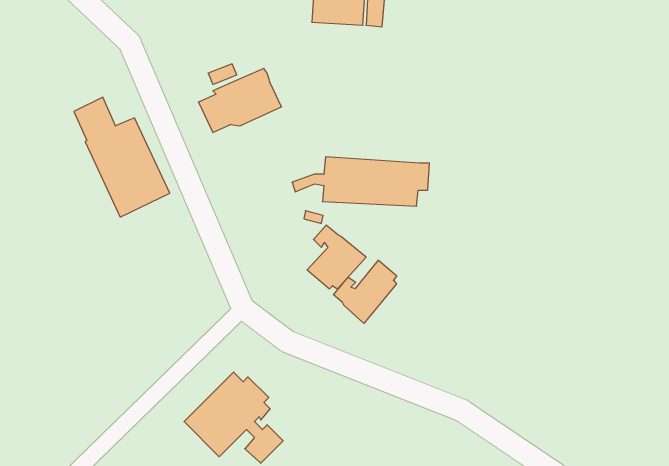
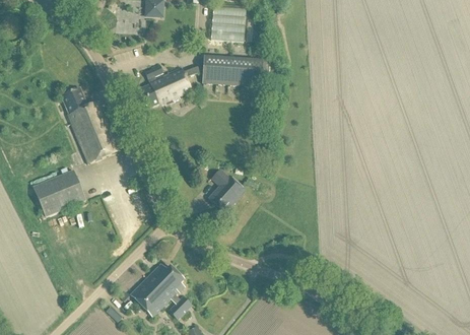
building: [292,157,429,206] -> [182,55,269,86]
building: none -> [31,169,85,216]
building: [333,260,397,323] -> none

